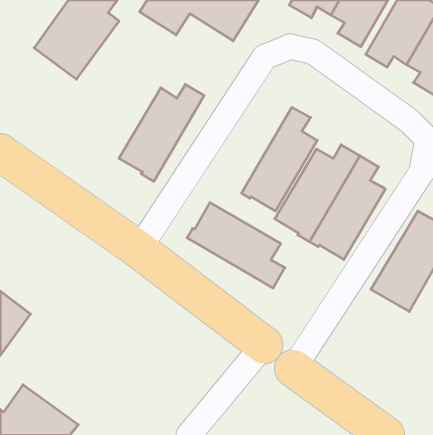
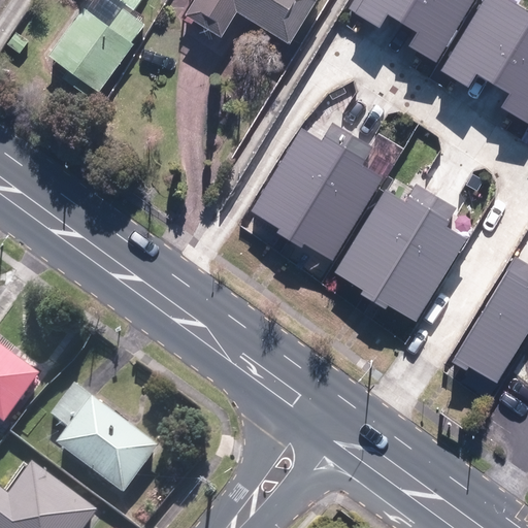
building: [119,84,204,181] -> [253,117,356,234]
building: [187,203,285,288] -> none
building: none -> [50,386,158,499]

